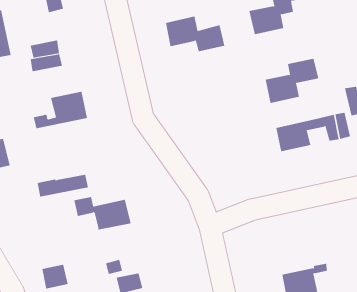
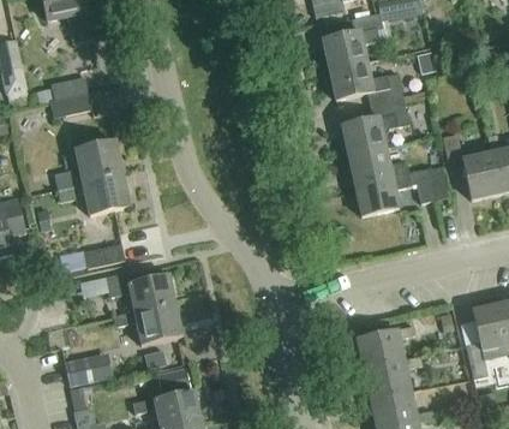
building: [165,16,225,52] -> [329,61,403,106]
building: none -> [348,147,408,185]
building: none -> [58,173,130,214]
building: none -> [114,304,182,344]
building: none -> [355,323,414,368]

